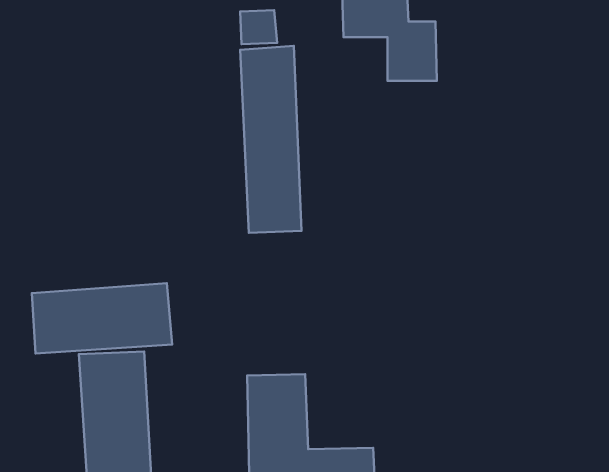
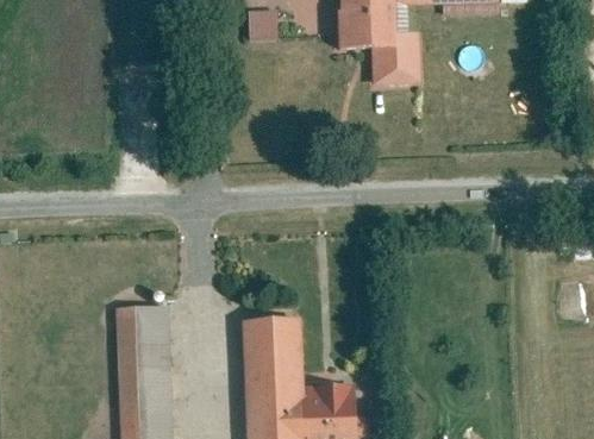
building: [240,46,302,233] -> none
building: [32,283,172,353] -> none

